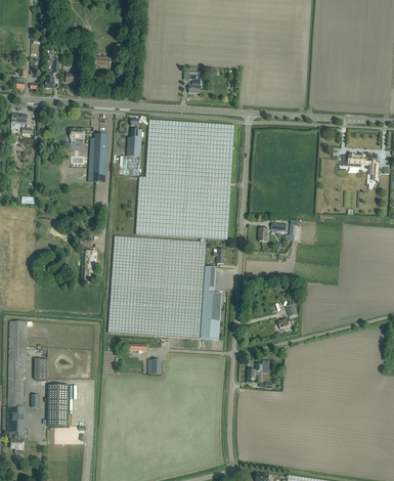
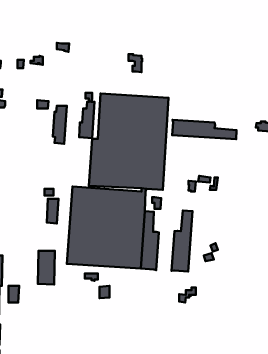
building: none -> [172,120,236,139]
building: none -> [172,211,192,271]
building: [47,385,69,427] -> [38,251,55,285]

